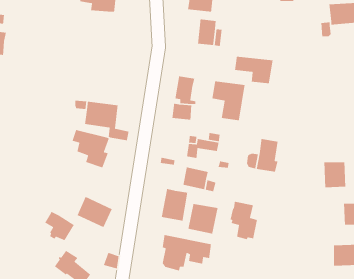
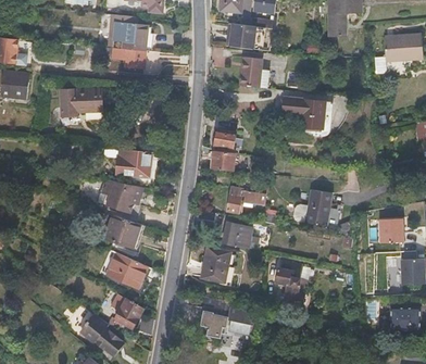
building: none -> [111,47,145,68]
building: none -> [60,88,102,115]
building: [211,81,246,121] -> none
building: none -> [102,215,140,247]
building: [188,203,218,234] -> none
building: [44,211,75,241] -> [108,293,141,327]

